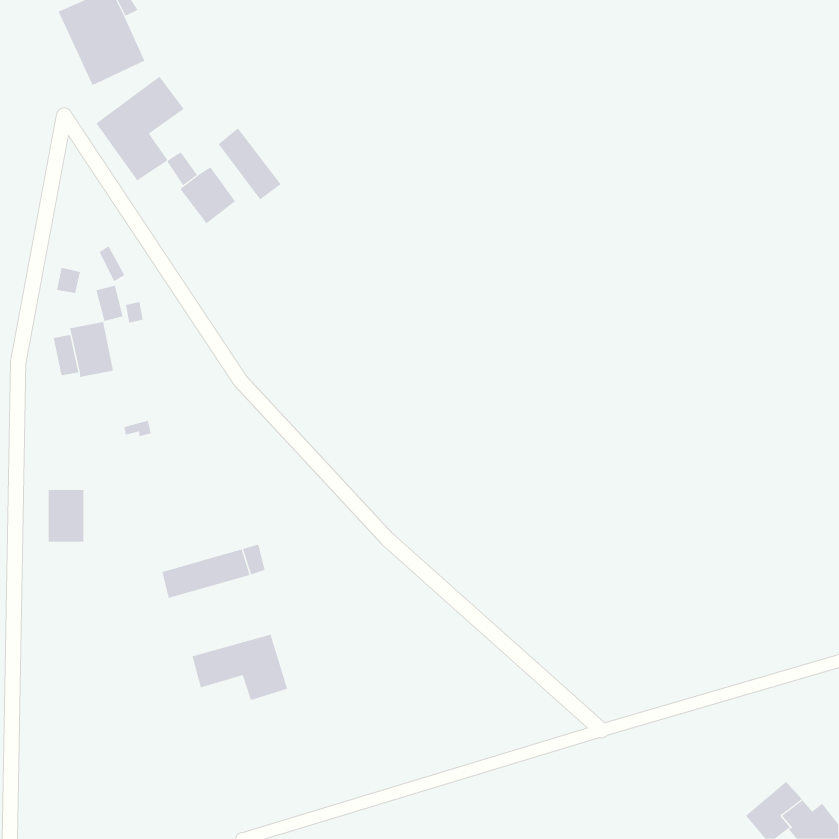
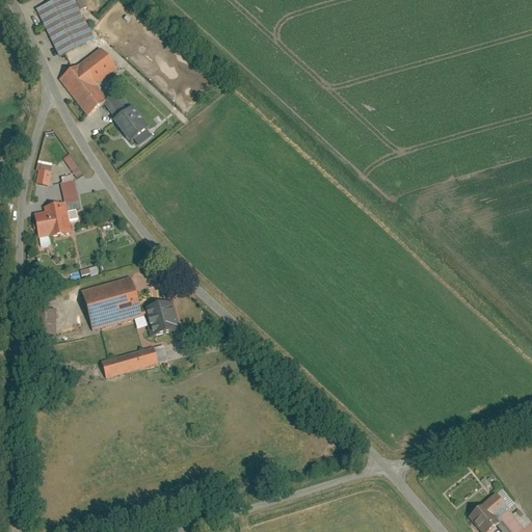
building: [218,128,281,200] -> none
building: none -> [81,275,141,328]
building: none -> [144,298,179,334]
building: [192,634,288,701] -> none

